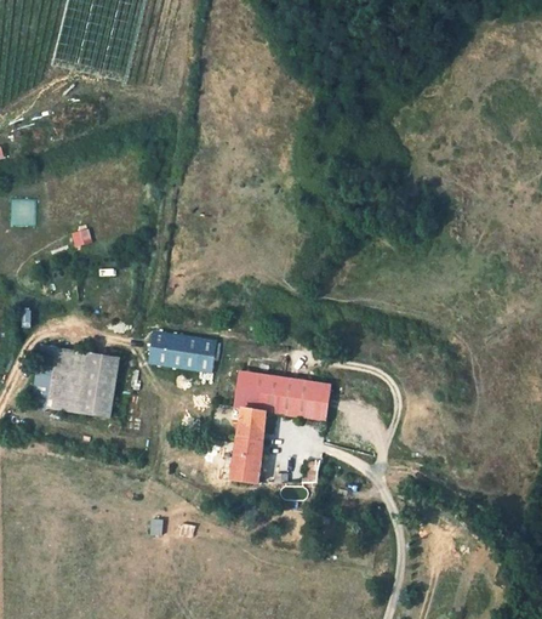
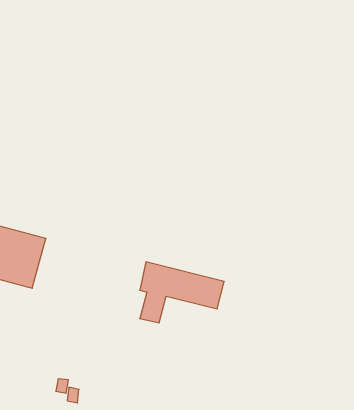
building: [149,330,215,371] -> none
building: [230,438,261,483] -> none

